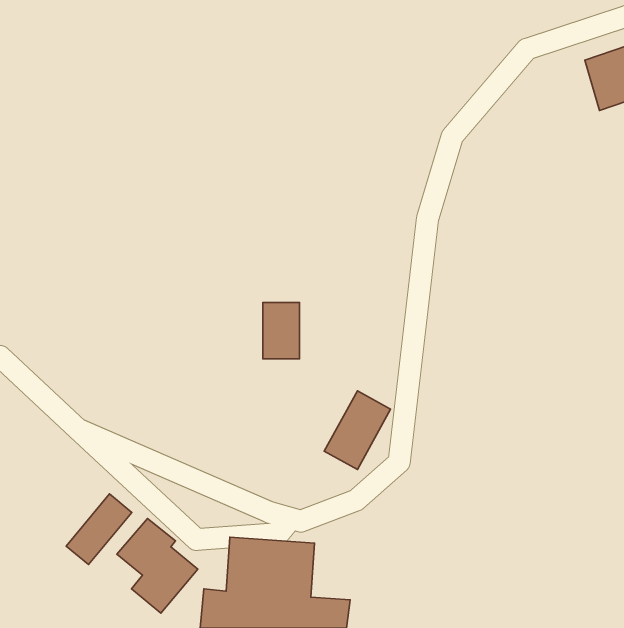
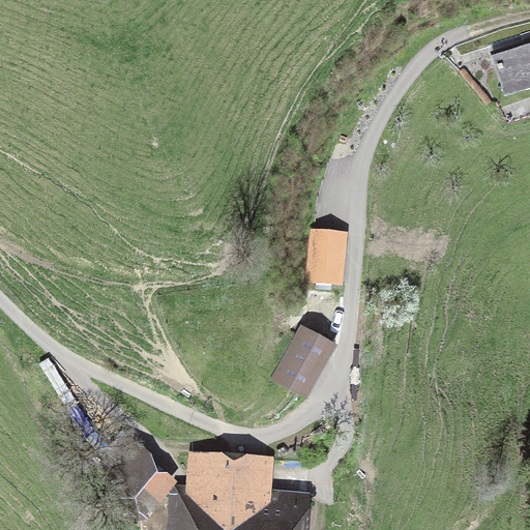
building: [263,302,300,359] -> [312,232,343,279]
building: [66,494,132,564] -> none

